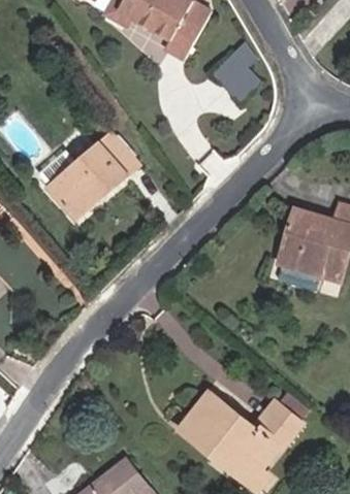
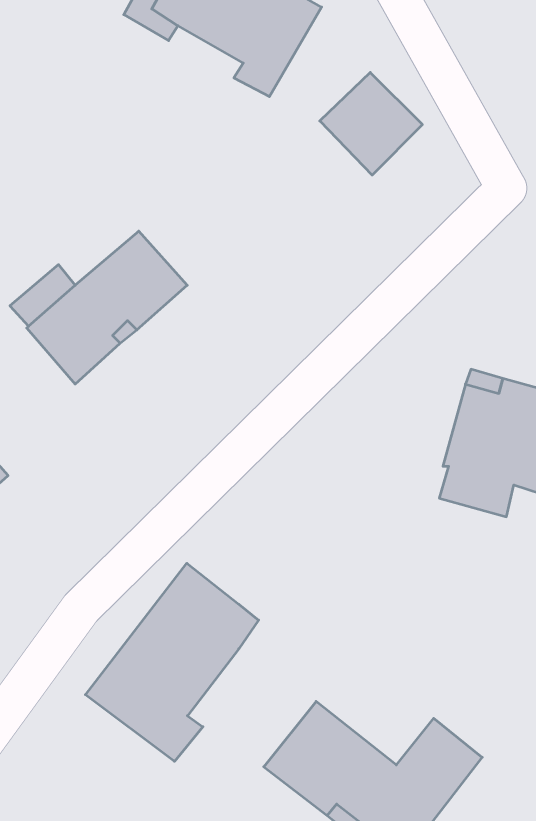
building: none -> [85,563,259,761]

